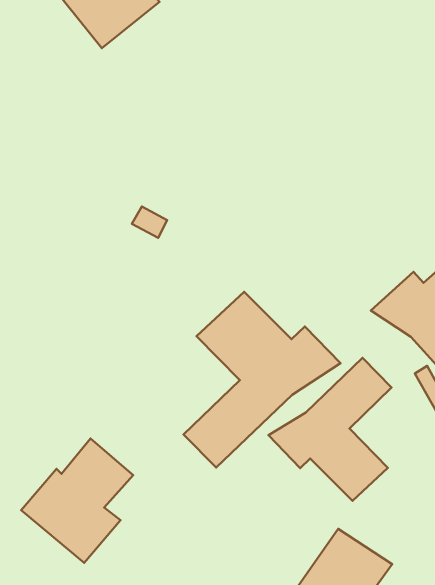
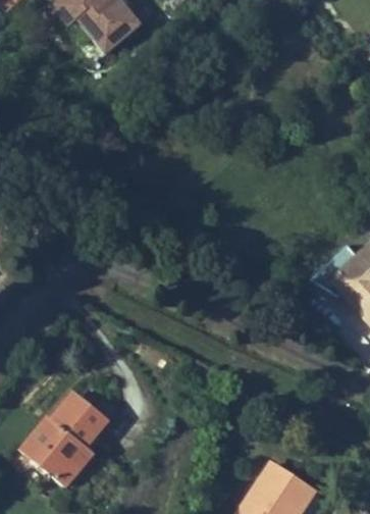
building: [184,292,341,468] -> none
building: [268,358,392,501] -> none

